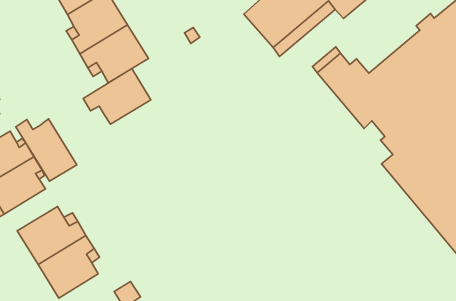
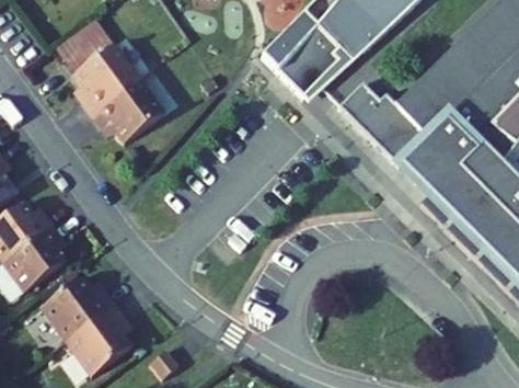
building: [83,69,151,124] -> none
building: [16,119,77,181] -> none

